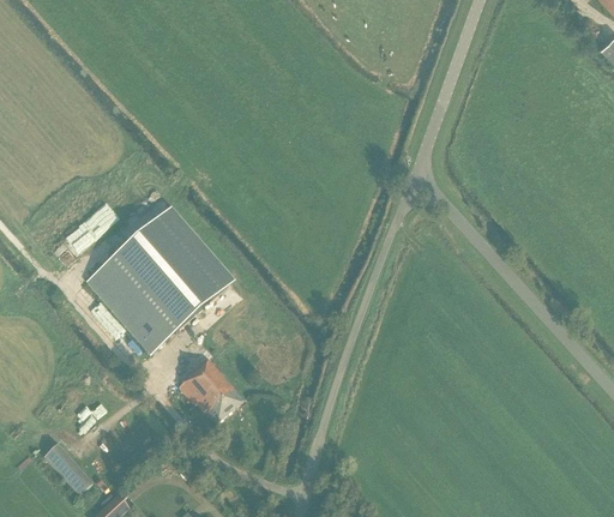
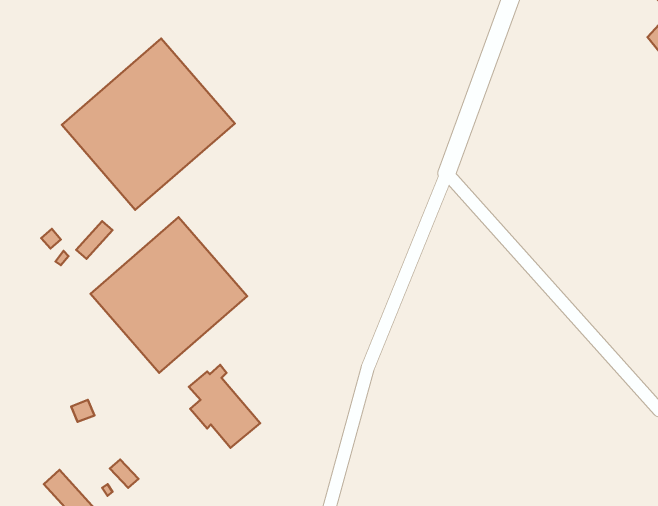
building: none -> [62,39,235,210]

